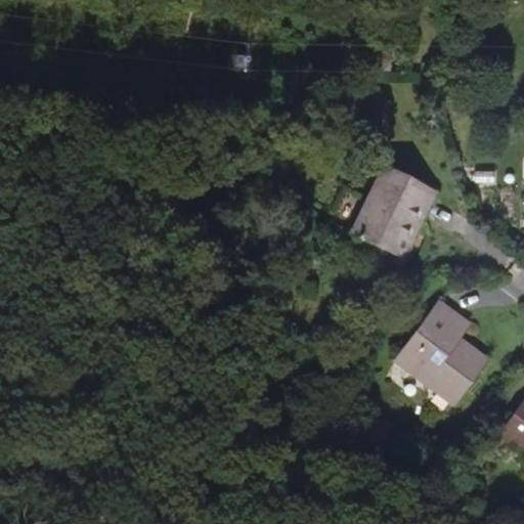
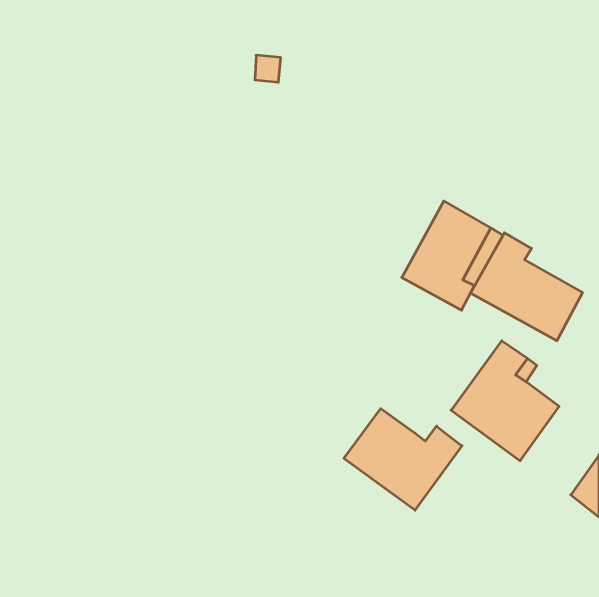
building: none -> [471,233,582,341]
building: none -> [344,409,462,510]

